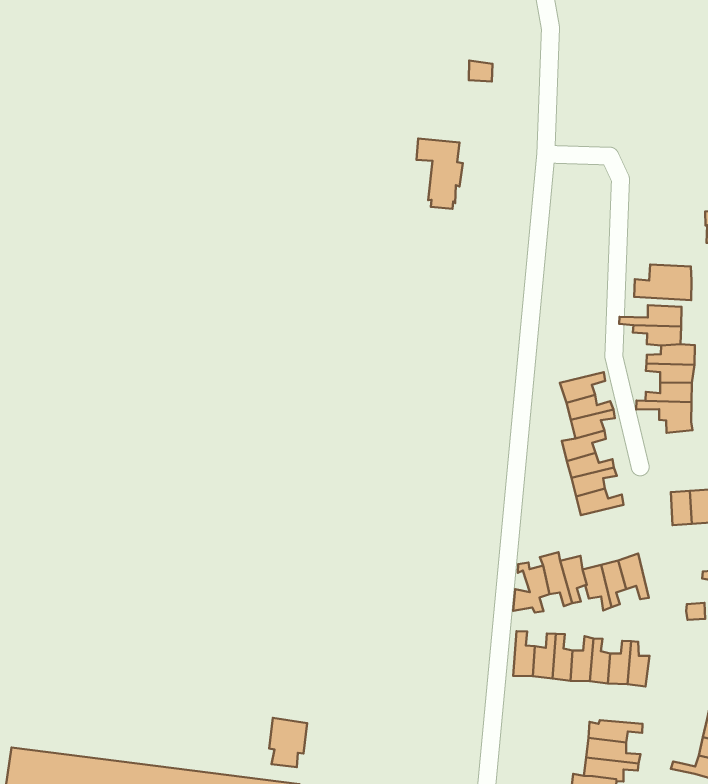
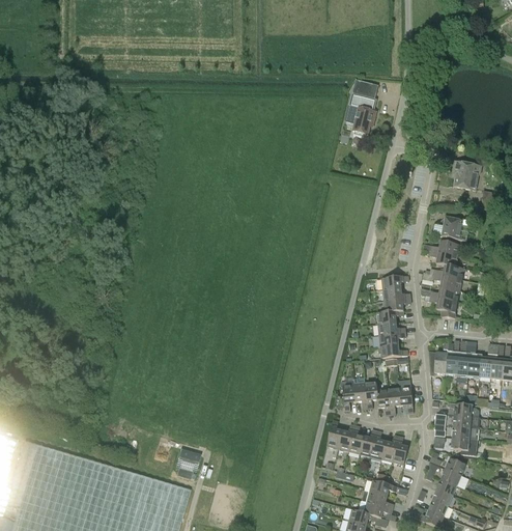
building: [416,138,463,209] -> [349,93,376,138]
building: none -> [452,161,481,191]

